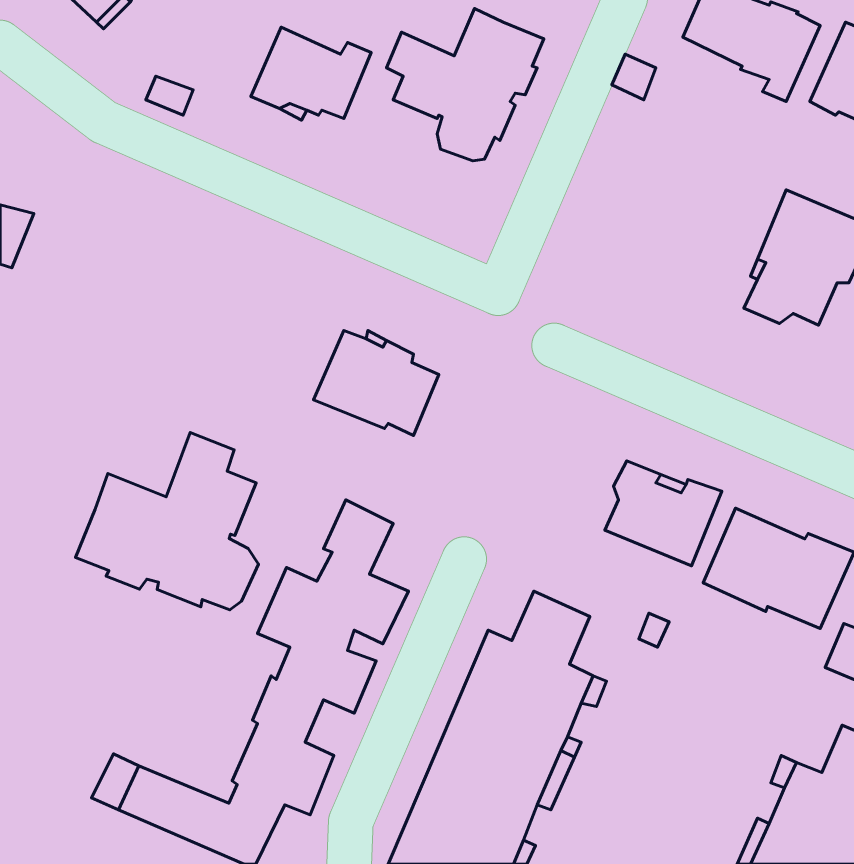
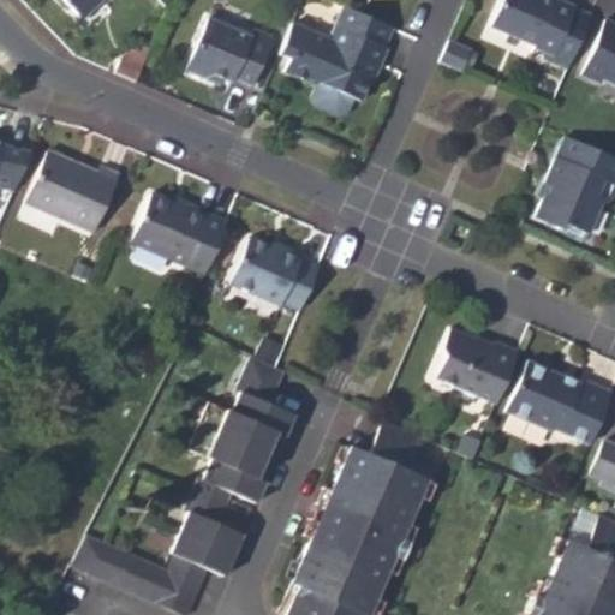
building: none -> [26,151,120,229]
building: none -> [132,196,228,273]
building: [75,433,258,610] -> none

